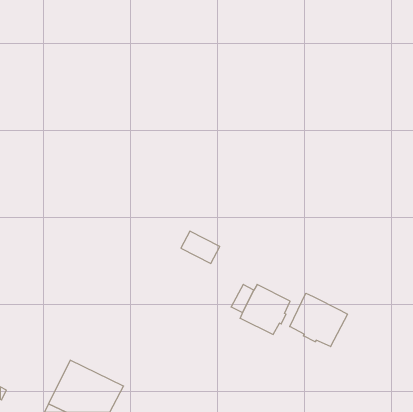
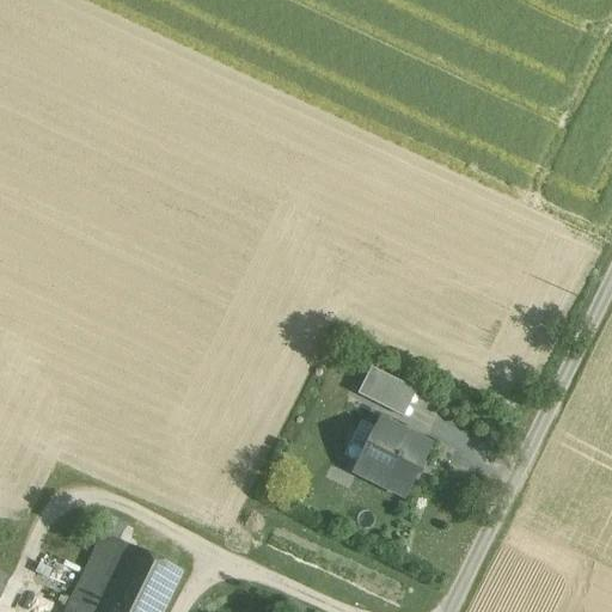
building: [181,231,220,263] -> [359,368,416,416]
building: [290,293,347,347] -> none

